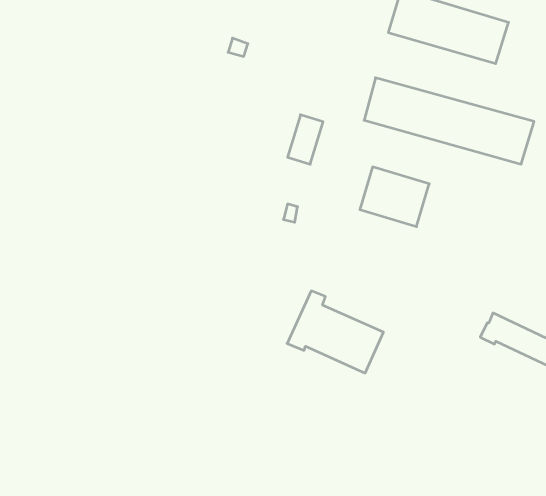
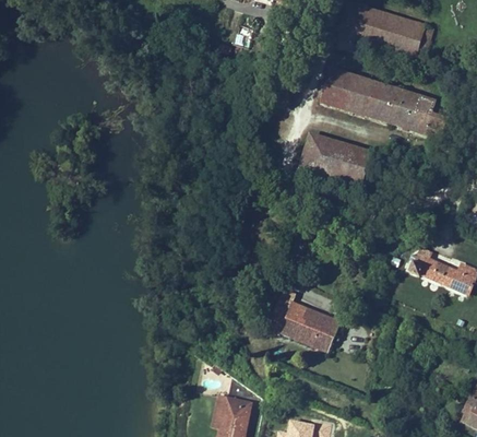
building: [288,115,323,164] -> [303,133,331,172]
building: [287,291,383,373] -> [267,291,342,354]

